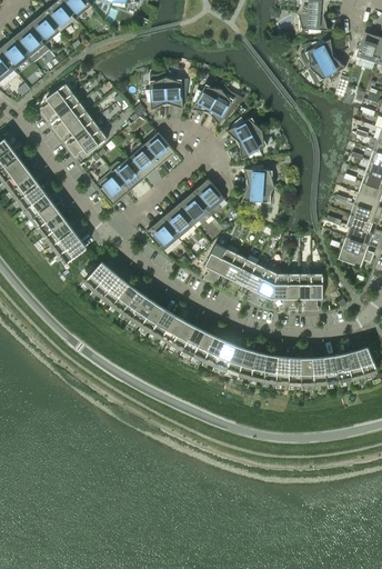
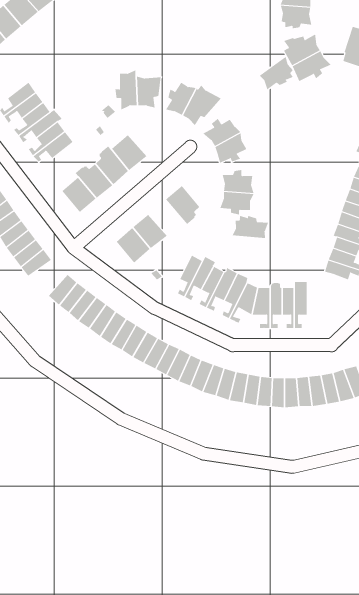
building: none -> [259,56,294,91]
building: [177,192,212,226] -> none
building: none -> [232,215,269,239]

